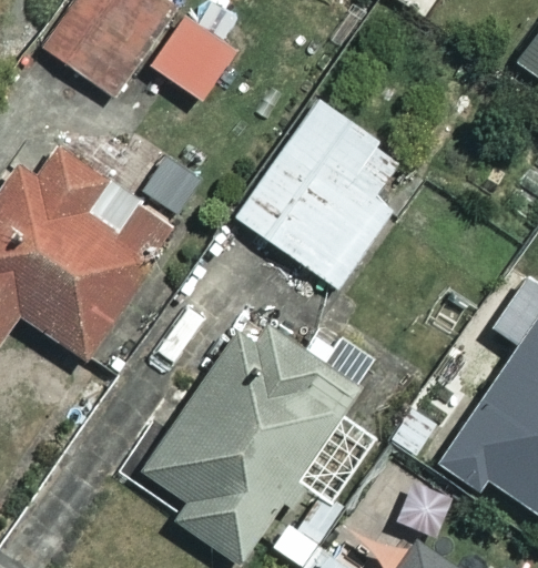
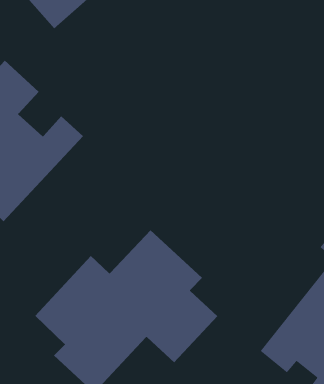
building: [236,99,403,288] -> none

